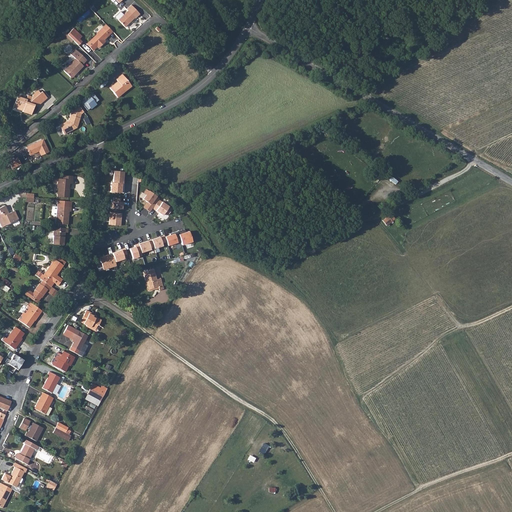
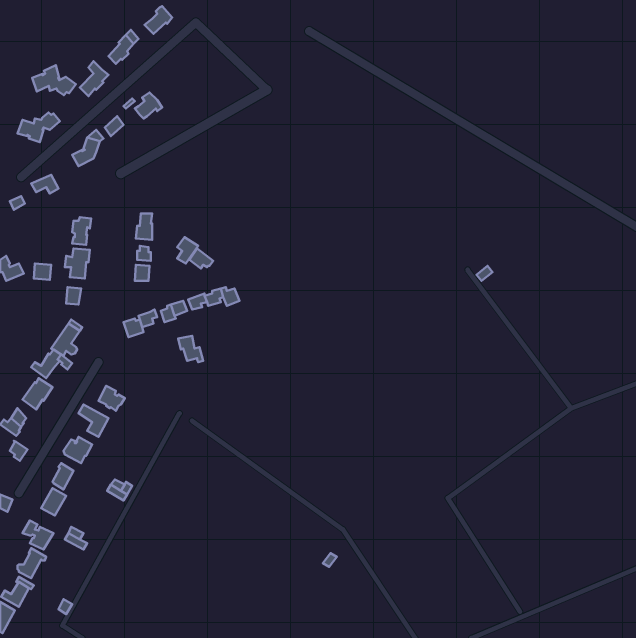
building: none -> [32,65,76,95]

